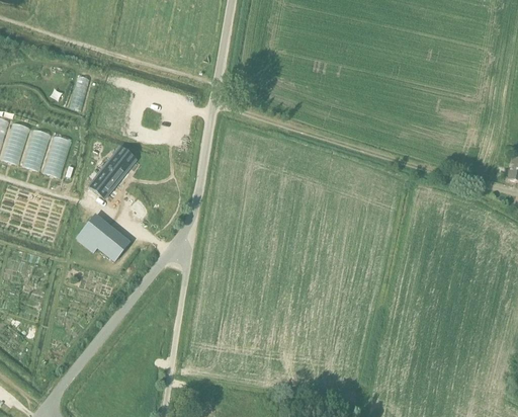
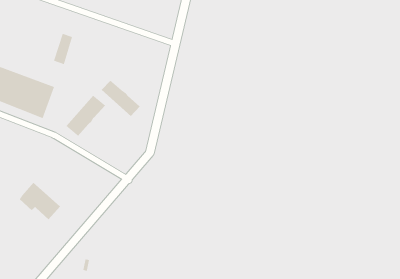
building: none -> [101,80,141,117]
building: [77,216,128,261] -> [19,182,61,220]

